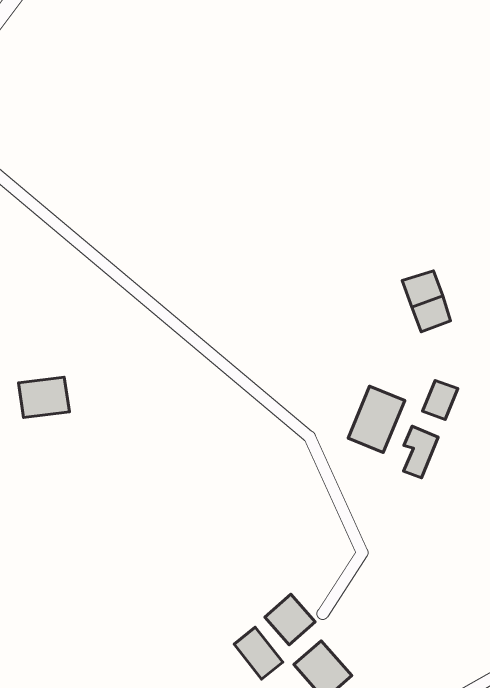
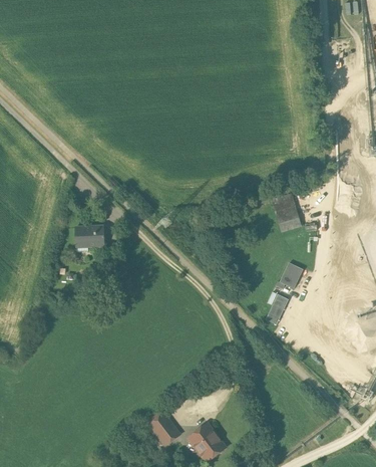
building: [18,377,69,417] -> [75,224,106,248]
building: [348,386,405,453] -> none
building: [265,594,315,645] -> none

